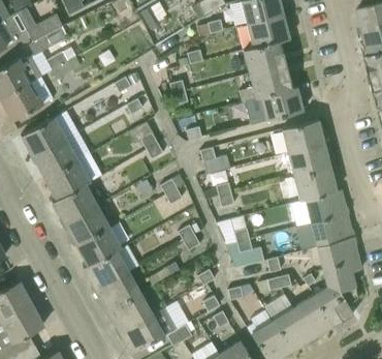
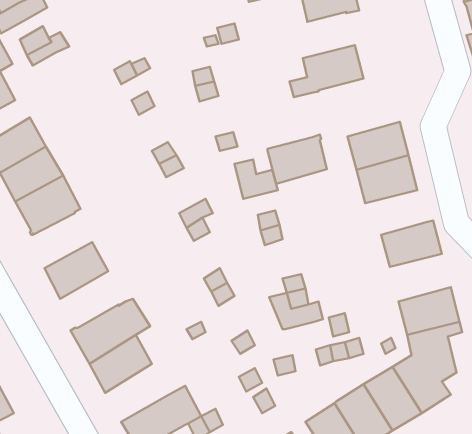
building: [242,41,285,74] -> none
building: [259,87,301,122] -> [267,134,327,184]
building: [292,169,337,202] -> none
building: [52,185,98,225] -> none
building: [310,214,353,248] -> none
building: [75,227,122,267] -> none
building: [107,293,153,334] -> none

